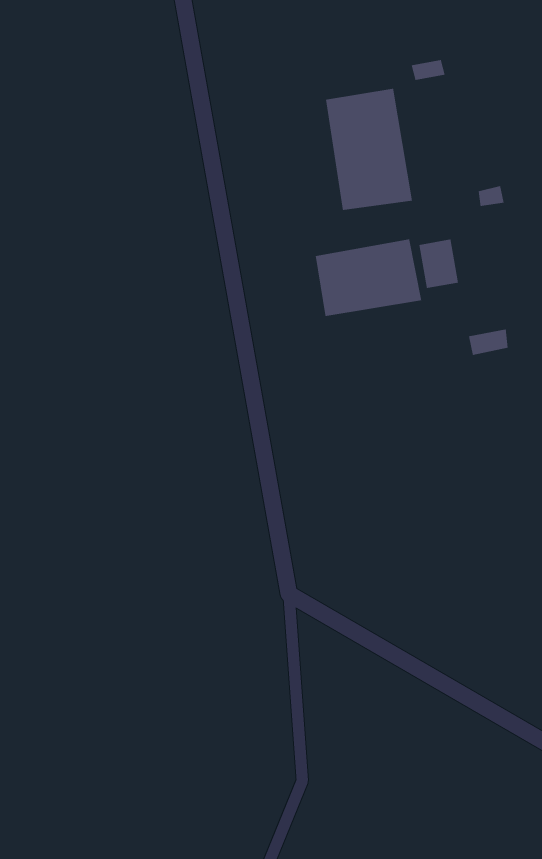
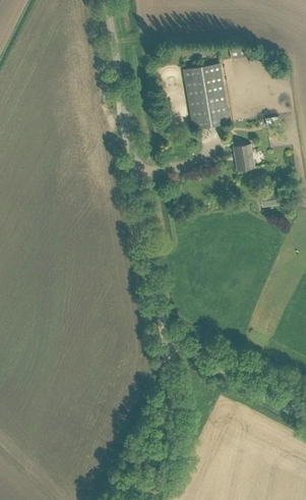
building: [315,239,422,317] -> none

